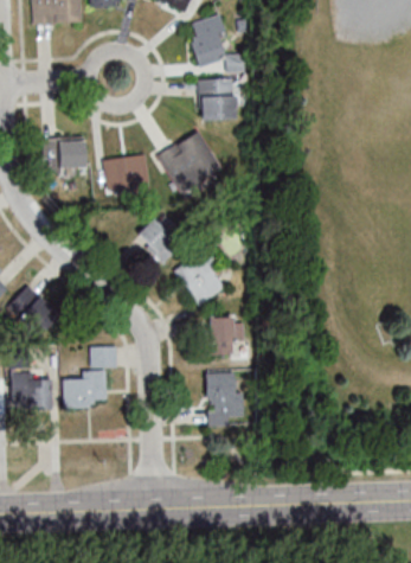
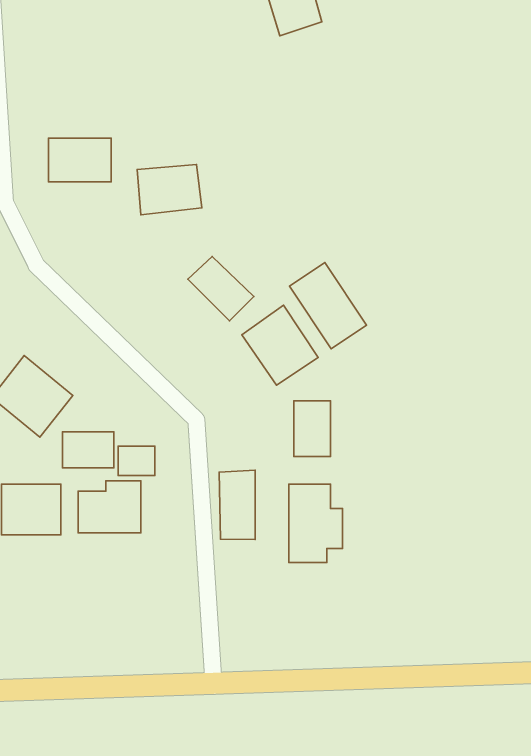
building: [200,78,235,120] -> none
building: [158,132,219,190] -> none
building: none -> [289,263,367,349]
building: none -> [62,432,114,468]
building: none -> [219,470,255,540]

